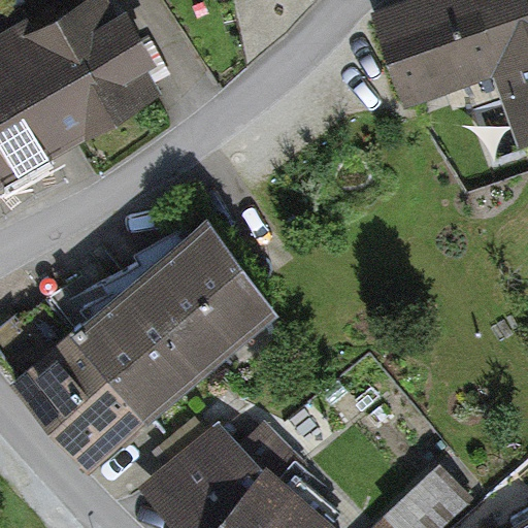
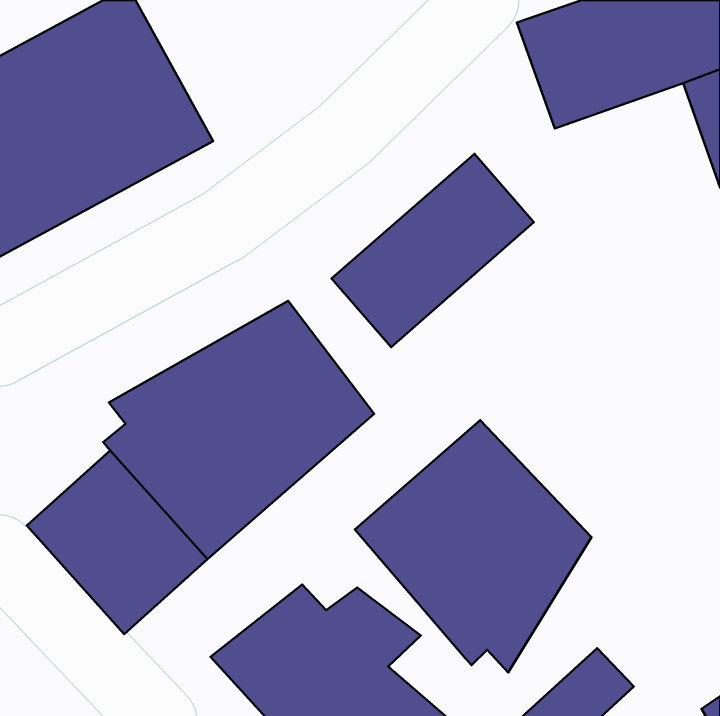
building: none -> [332,154,534,347]
building: none -> [355,420,591,672]

